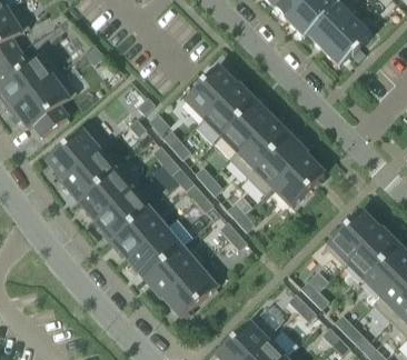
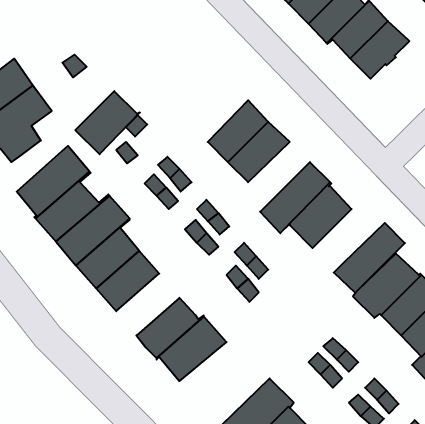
building: [185,67,238,119] -> [75,91,140,154]
building: [230,119,289,177] -> [334,223,405,293]
building: [129,218,193,279] -> none

